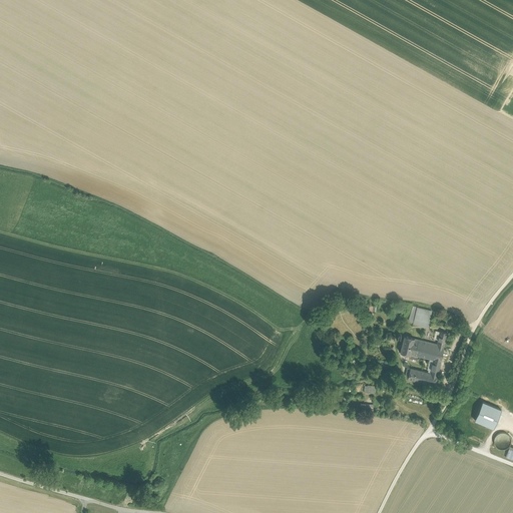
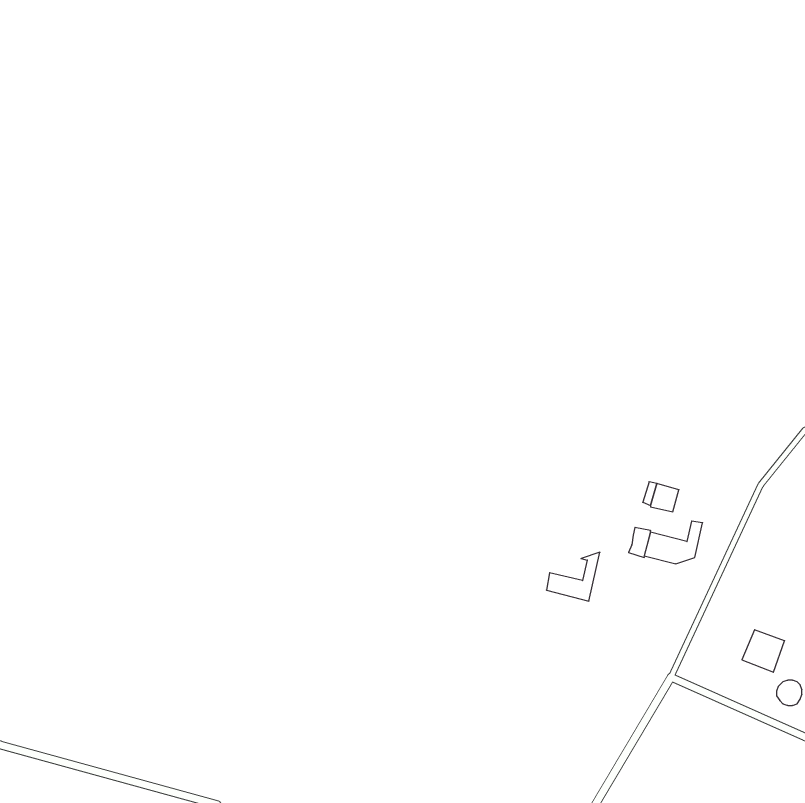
building: [408,356,442,387] -> [546,552,600,601]

